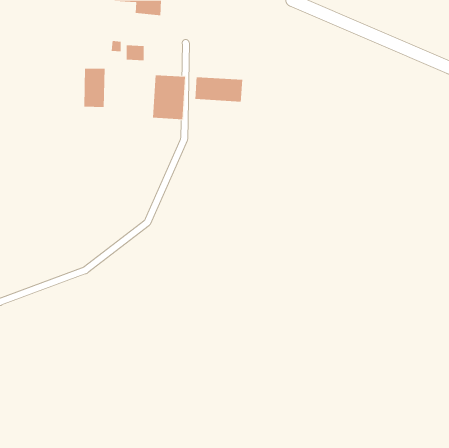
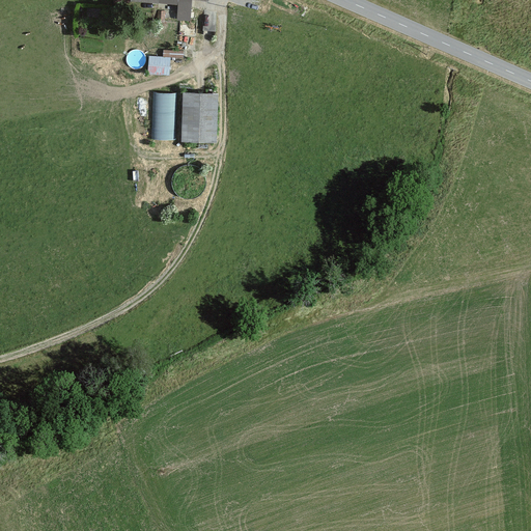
building: [83,68,105,108] -> [149,93,175,140]
building: [195,76,243,102] -> none

